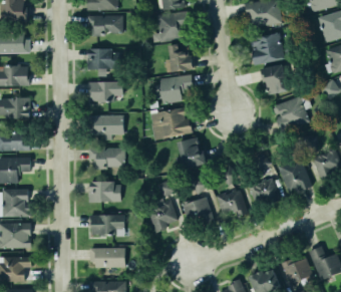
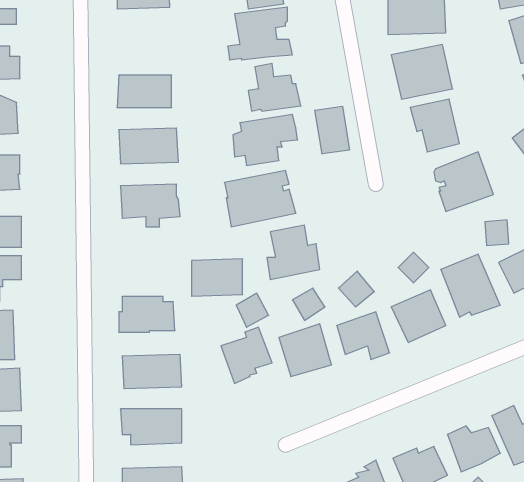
building: [87,16,123,34] -> none
building: none -> [315,106,349,154]
building: [94,148,124,170] -> [192,259,243,296]

